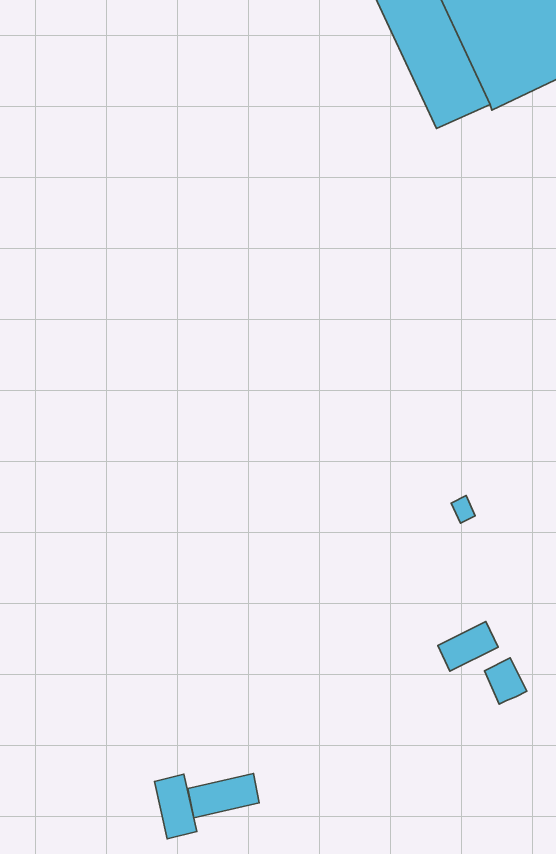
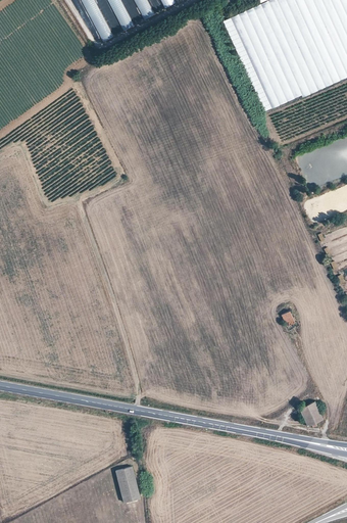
building: [438,621,498,671] -> none
building: [188,774,259,818] -> none

